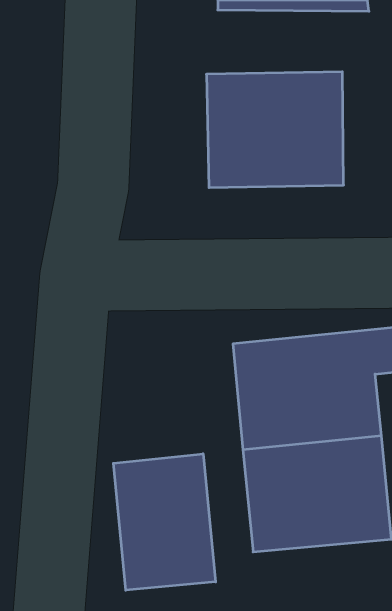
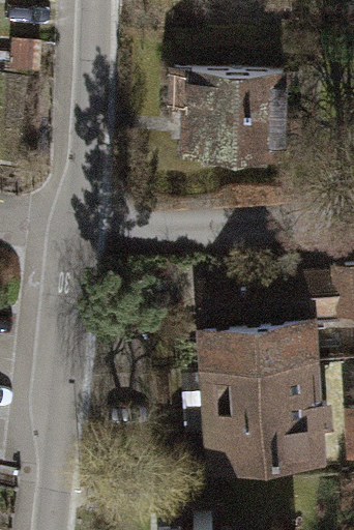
building: [113,454,216,590] -> none

